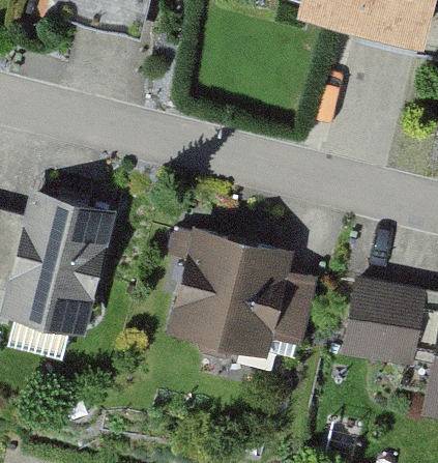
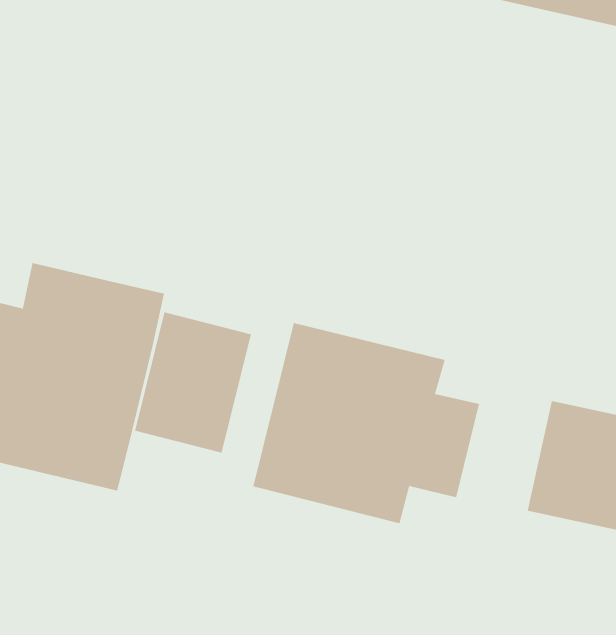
building: none -> [134,312,251,453]

